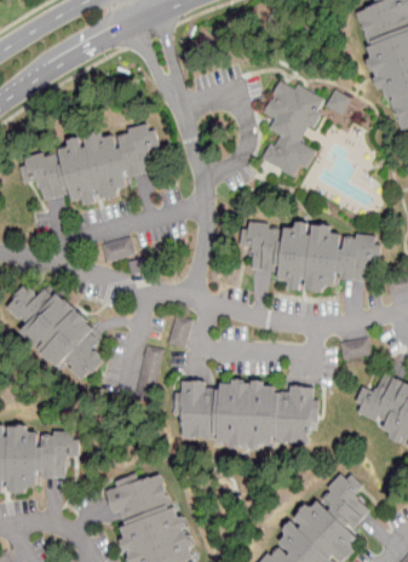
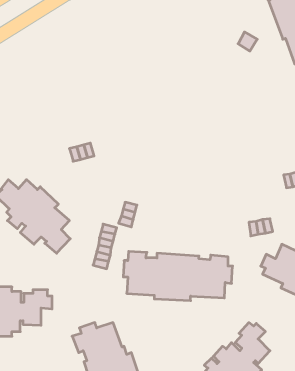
building: [262,80,323,176] -> none
building: [18,124,157,205] -> none
building: [239,220,380,292] -> none

